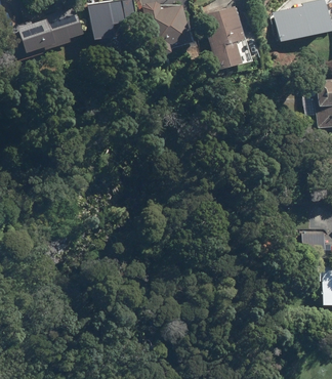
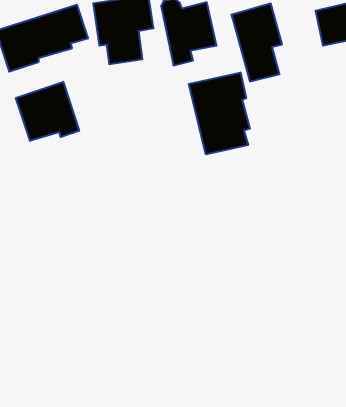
building: none -> [189,72,250,154]
building: none -> [16,82,79,141]

